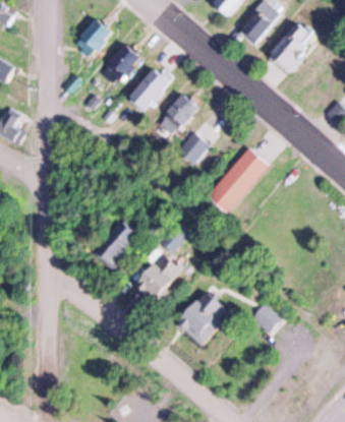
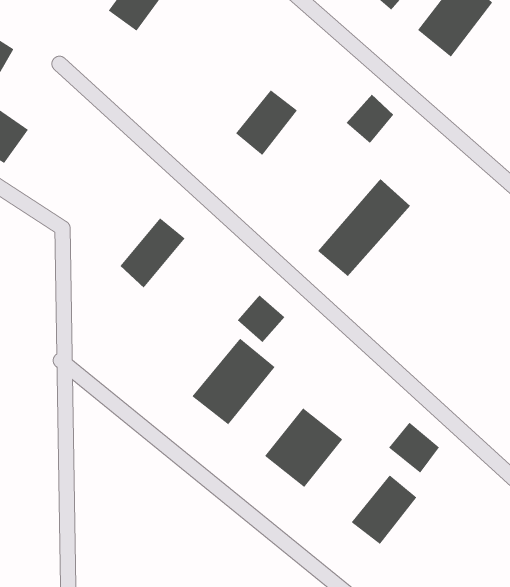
building: [105,44,138,79] -> none
building: [131,69,169,109] -> none
building: [178,132,209,164] -> [346,94,394,144]
building: [93,222,134,266] -> [120,218,186,289]
building: none -> [351,474,417,545]

